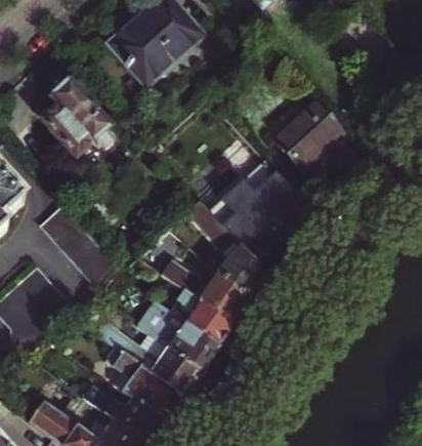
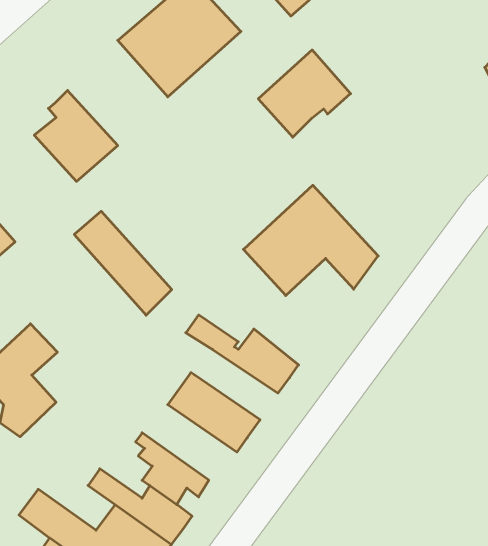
building: [271,98,345,168] -> [258,50,351,137]
building: [186,200,268,300] -> none
building: [43,205,121,288] -> [74,211,172,315]
building: [168,288,235,344] -> none
building: [93,321,202,396] -> none

